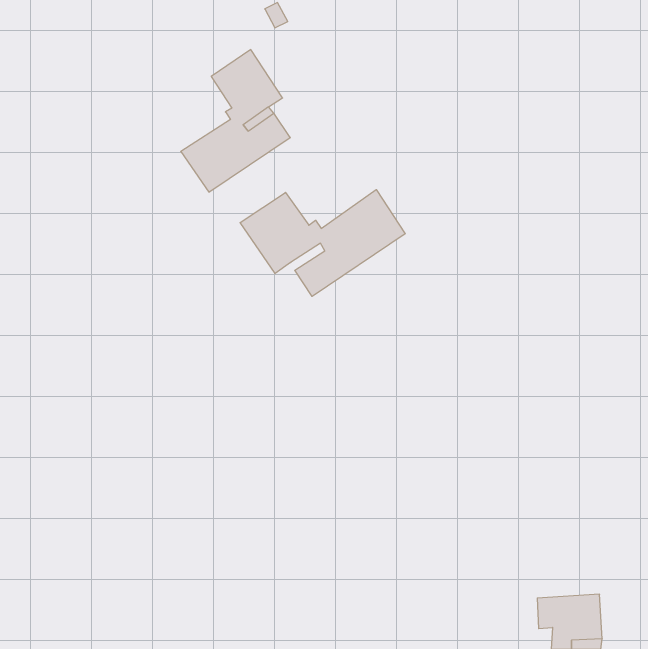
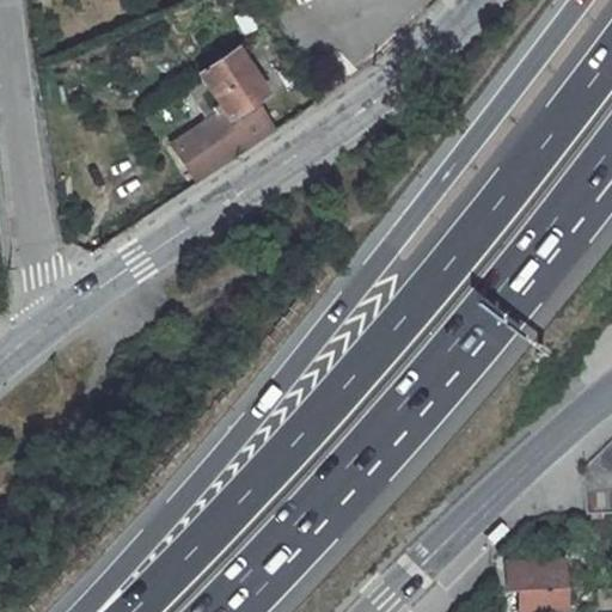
building: [240,190,405,296] -> none

